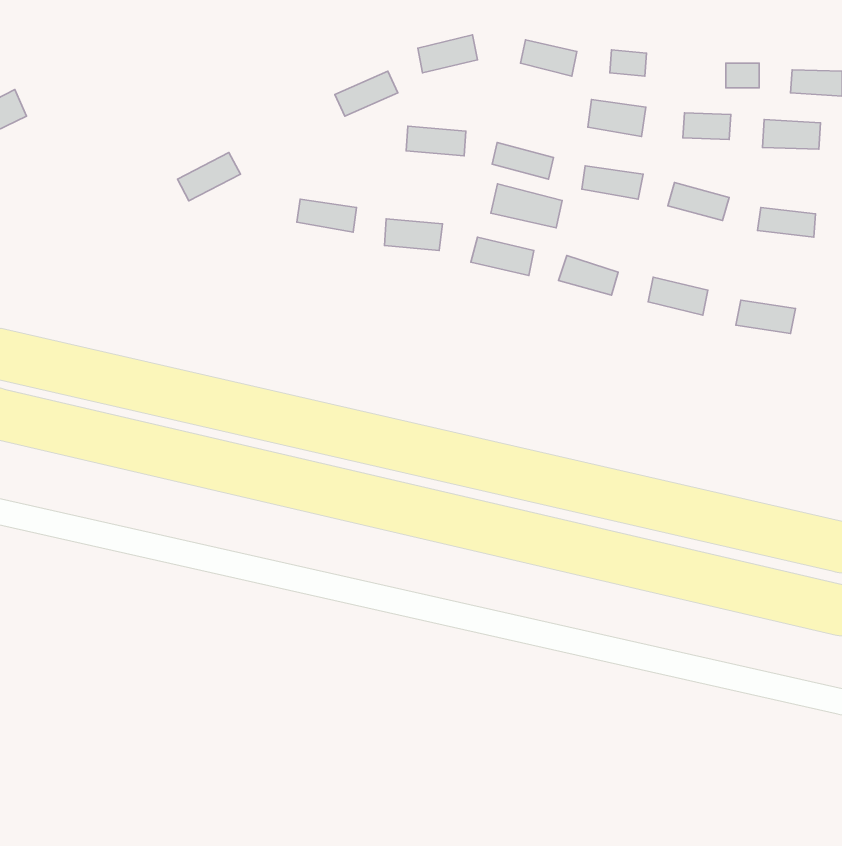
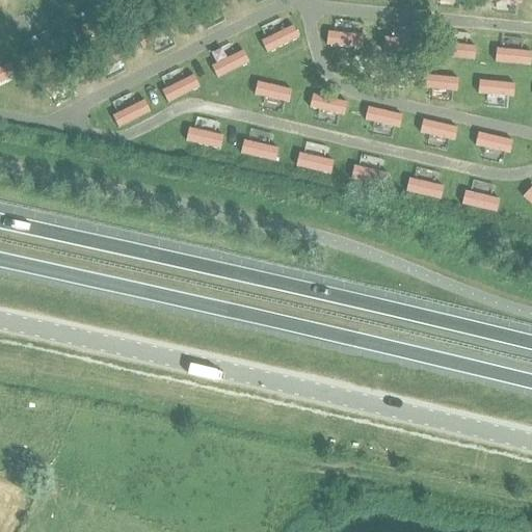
building: [588,99,646,137] -> none
building: none -> [160,70,201,103]
building: [491,184,562,228] -> none

